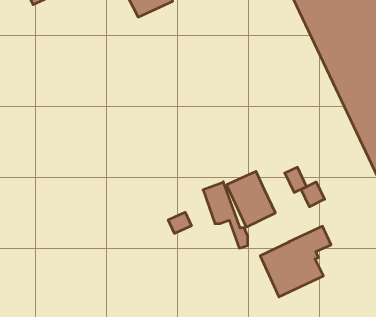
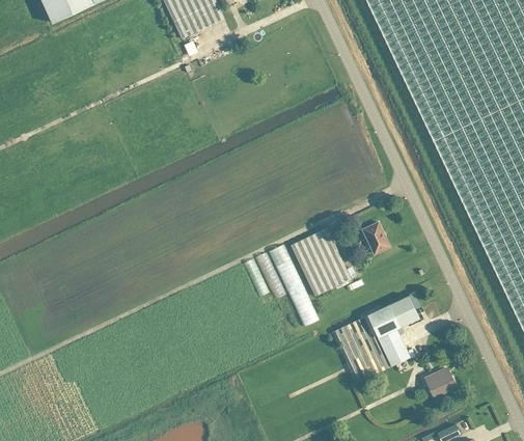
building: [301,182,325,207] -> none
building: [168,212,191,233] -> none
building: none -> [426,368,458,402]

